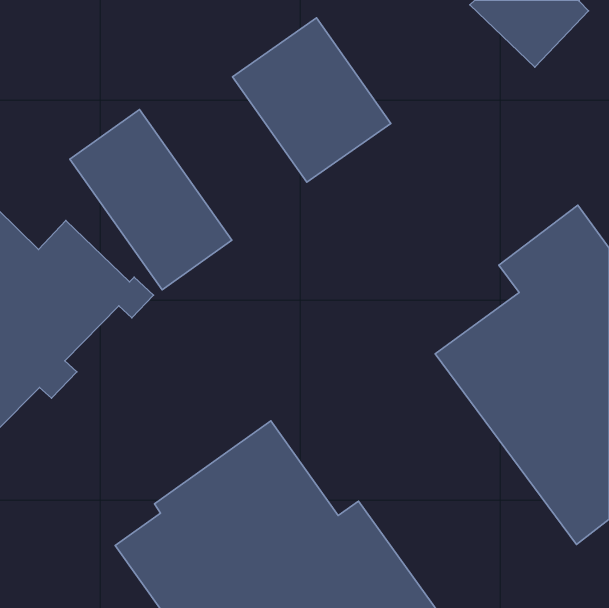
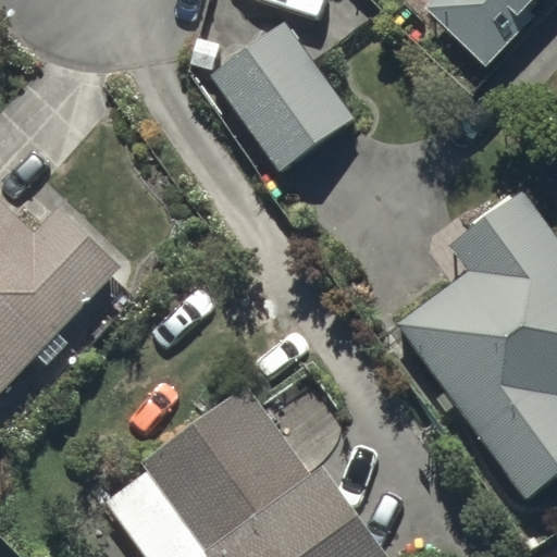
building: [70,109,232,290] -> none

